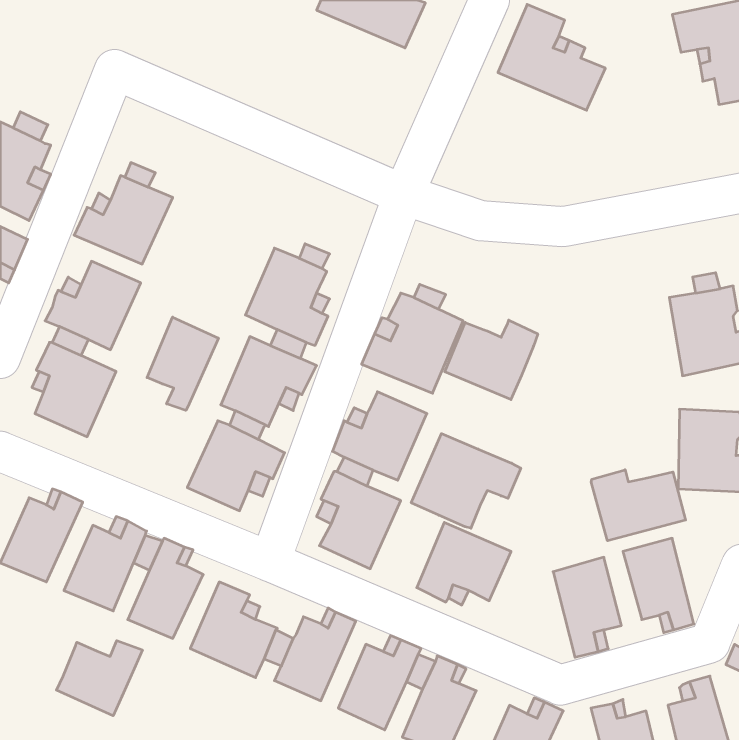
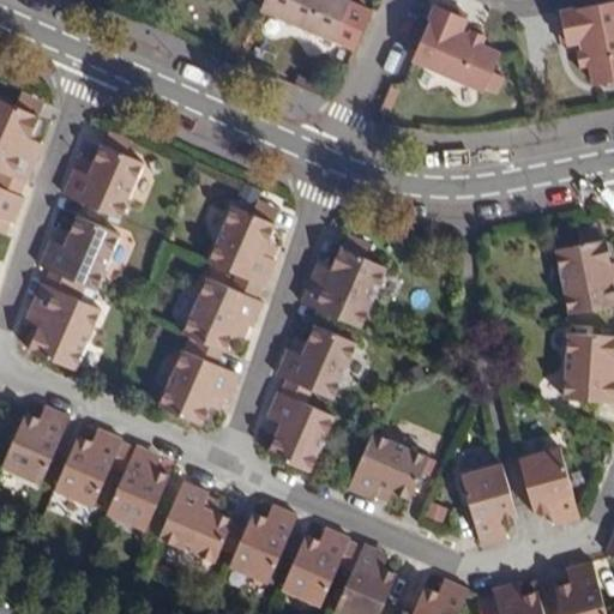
building: [147,317,218,410] -> none
building: [445,320,538,400] -> none
building: [411,434,521,528] -> none
building: [591,470,686,541] -> none
building: [56,641,142,716] -> none

